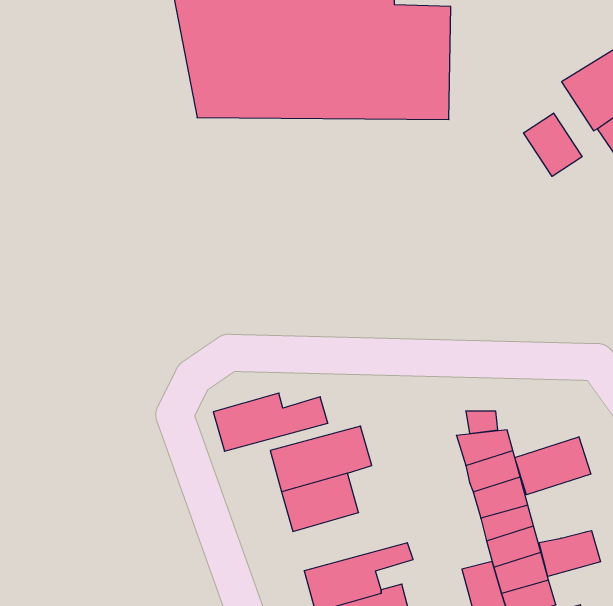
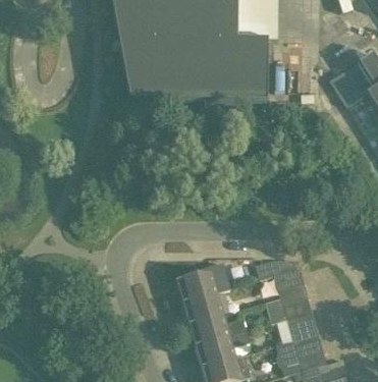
building: [524,113,582,176] -> none
building: [213,393,328,451] -> [183,314,246,345]
building: [515,437,591,495] -> none
building: [539,531,601,576] -> none

